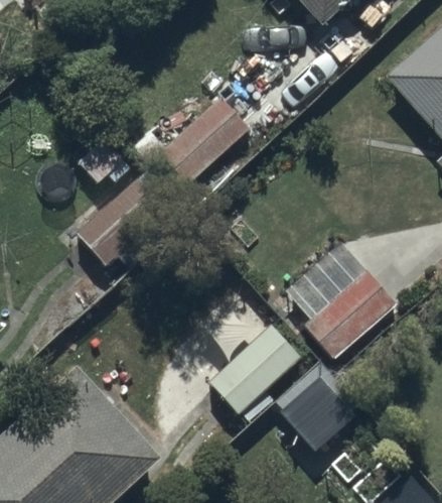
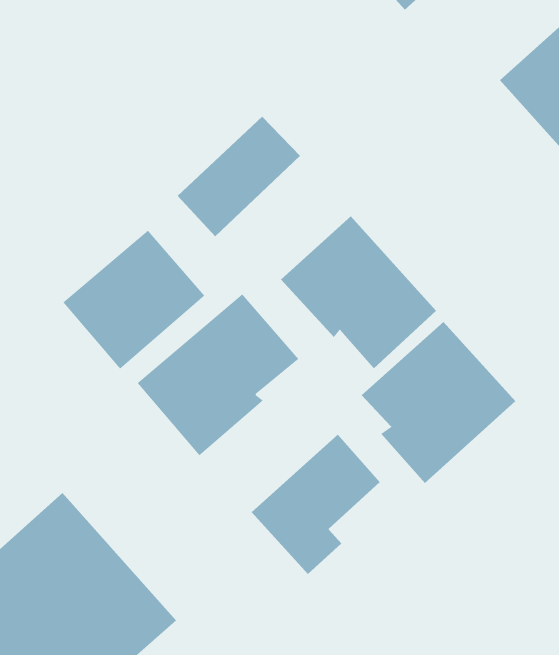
building: none -> [280,216,437,369]
building: none -> [137,294,299,456]

